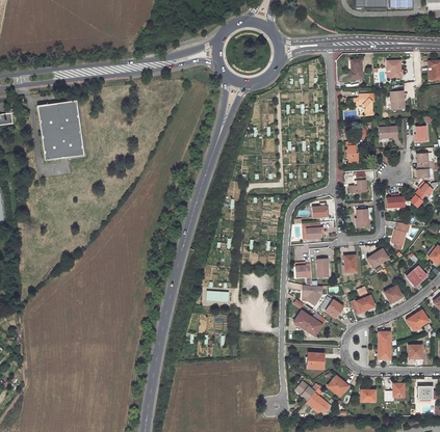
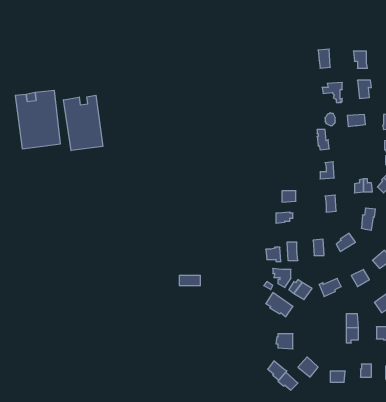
building: none -> [64,95,103,151]

